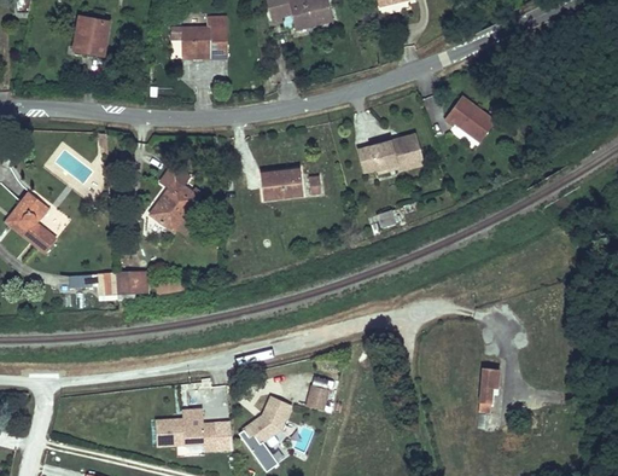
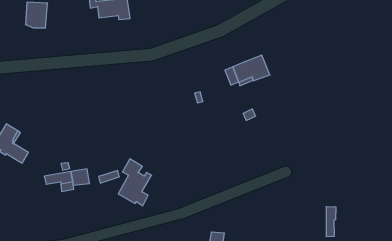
building: [445,95,495,140] -> none
building: [151,163,203,234] -> [118,159,152,206]
building: [262,168,302,198] -> none

